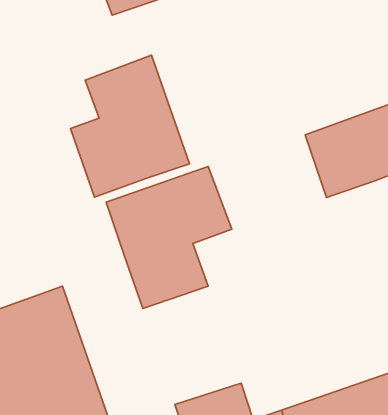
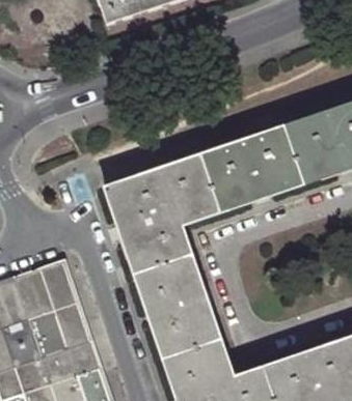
building: [71,55,189,197] -> none
building: none -> [191,128,295,211]
building: none -> [134,261,220,365]

